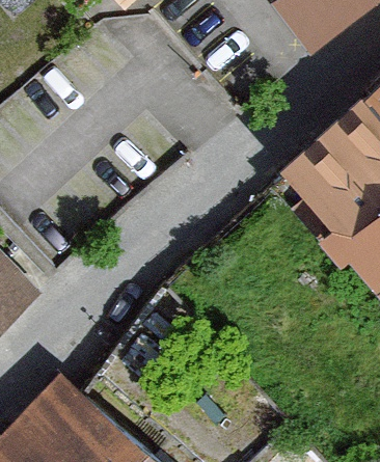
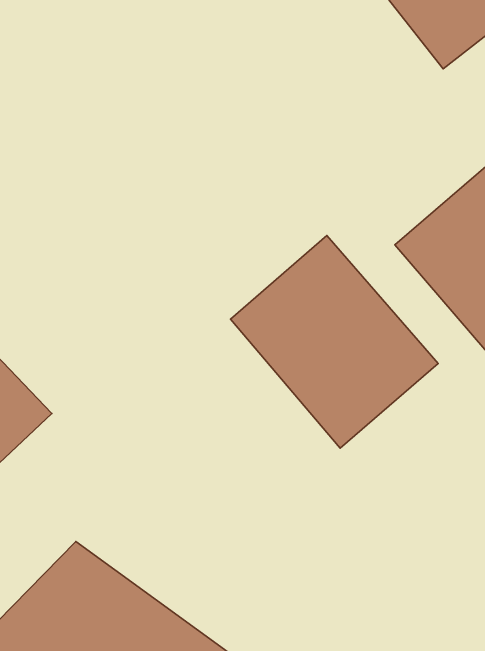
building: none -> [230,235,438,448]

